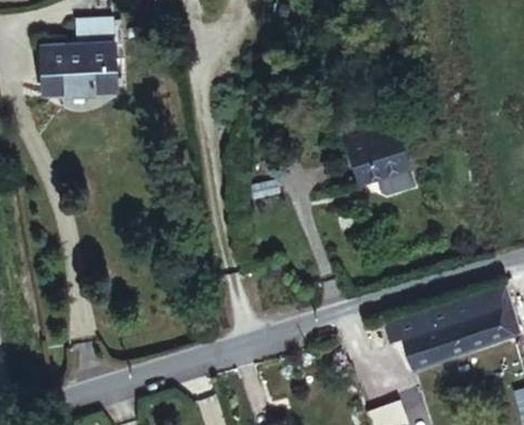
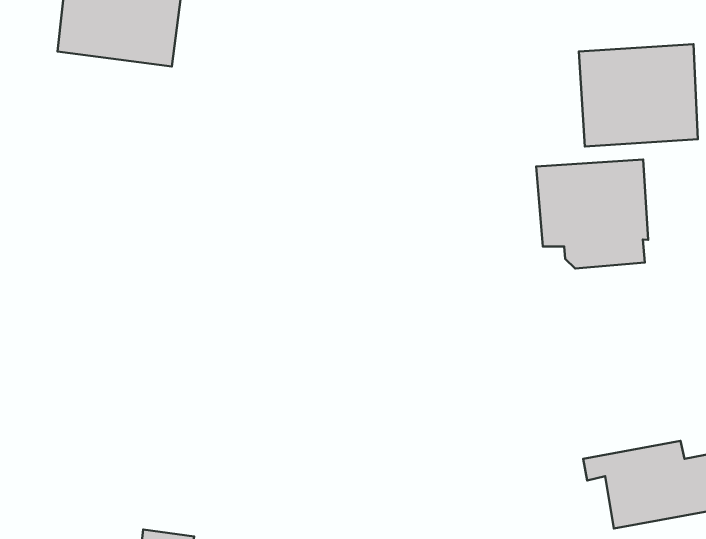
building: none -> [579,44,698,146]

